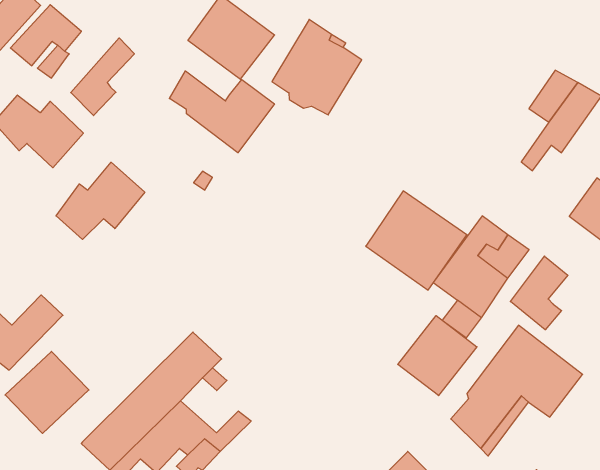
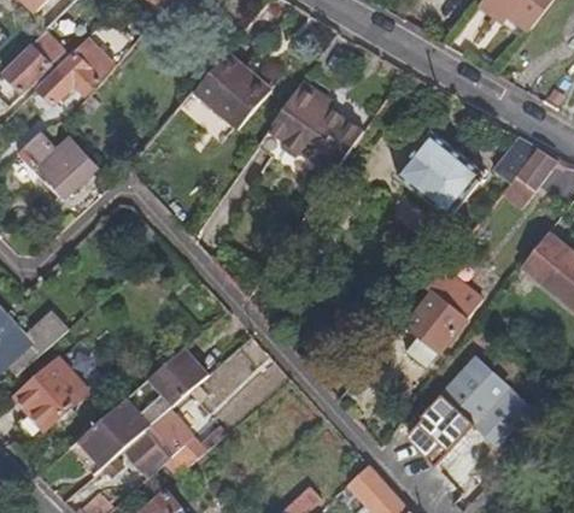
building: [71,38,134,116] -> none
building: [169,71,274,153] -> none
building: [56,162,145,239] -> none
building: [366,191,467,290] -> [394,129,485,218]
building: [510,256,568,330] -> none
building: [398,316,477,396] -> none

